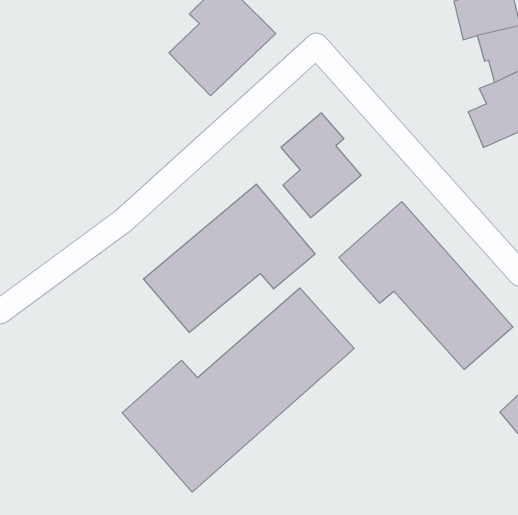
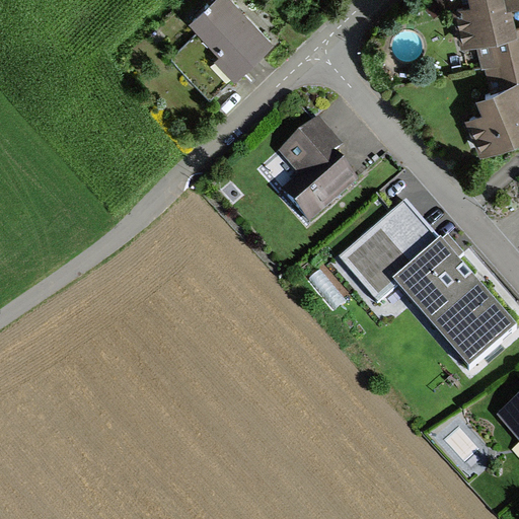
building: [144,184,315,333] -> none
building: [122,288,354,492] -> none

